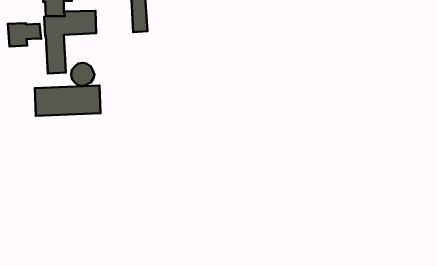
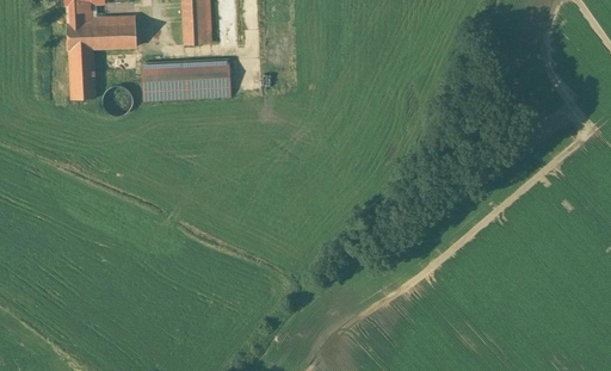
building: [8,23,41,46] -> none
building: [35,85,101,116] -> [143,60,230,100]

